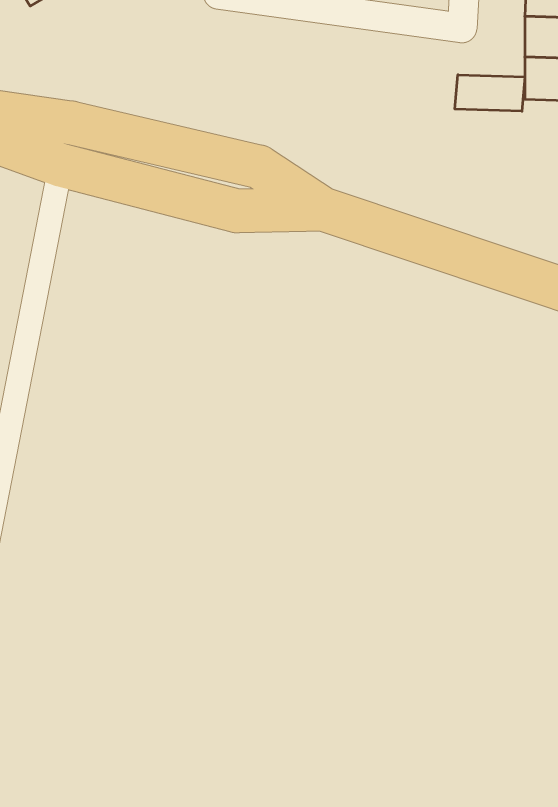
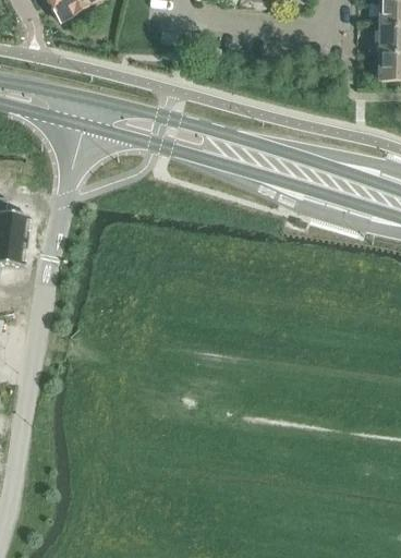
building: [455,75,525,111] -> none

